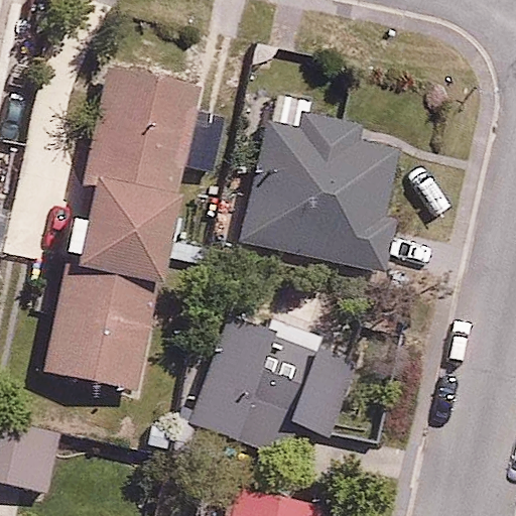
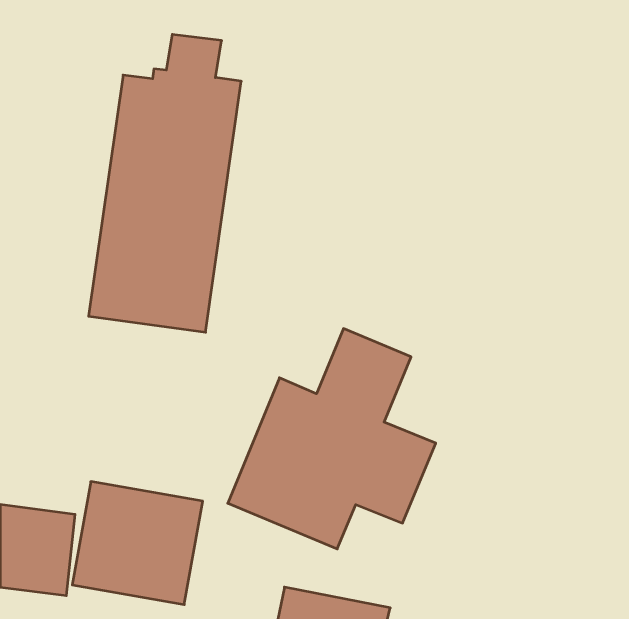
building: [244,119,393,268] -> none
building: [47,286,154,387] -> [72,482,203,605]

